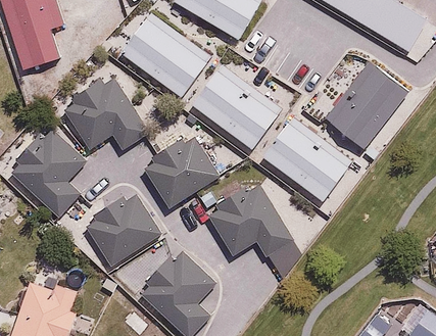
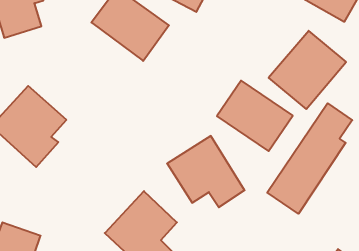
building: [192,66,281,149] -> none
building: [59,74,148,153] -> none
building: [140,132,222,212] -> none
building: none -> [267,103,352,214]
building: [82,188,161,266] -> none

